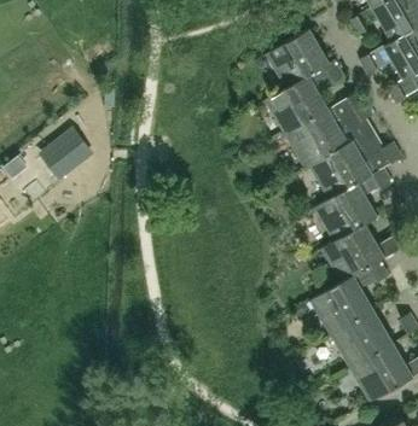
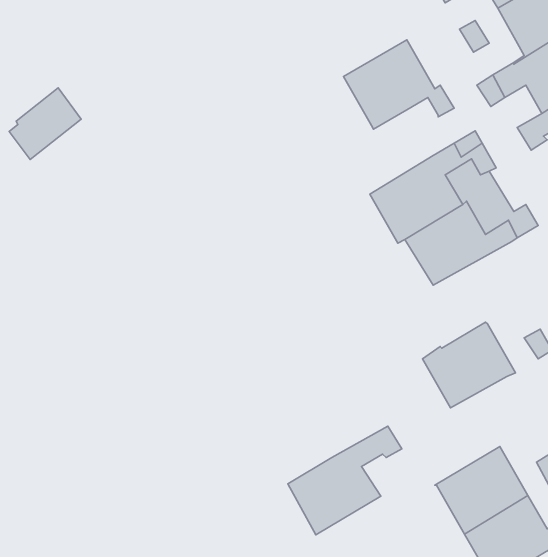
building: [265,69,332,135] -> none
building: [36,132,86,181] -> [9,88,81,160]
building: [314,168,393,241] -> none
building: [310,261,389,335] -> [288,426,402,535]

